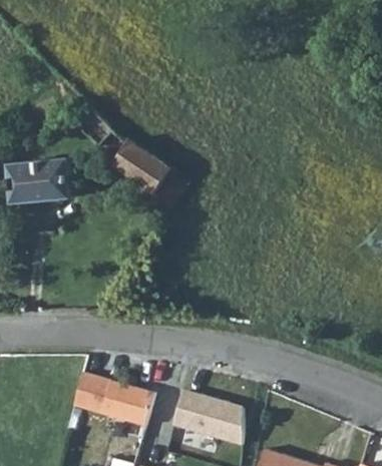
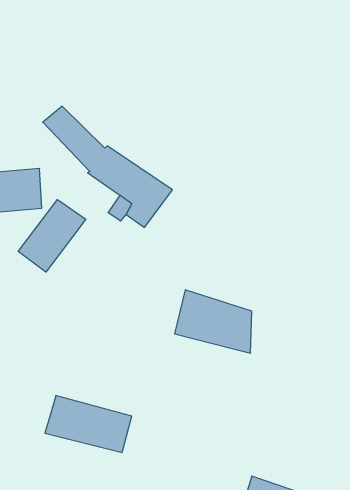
building: none -> [18,200,86,272]
building: [172,388,245,447] -> [175,290,252,353]

